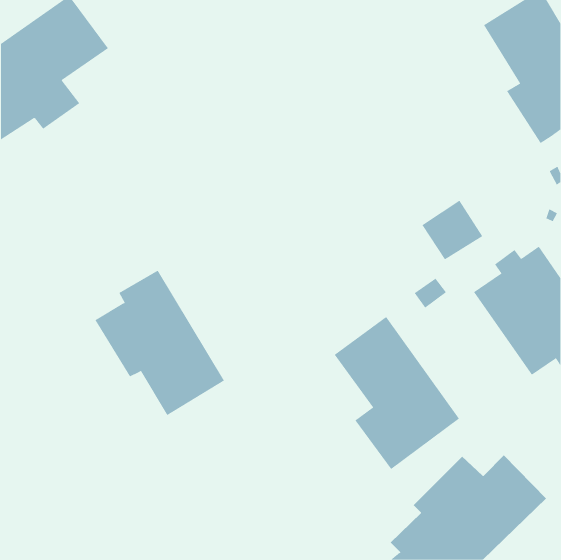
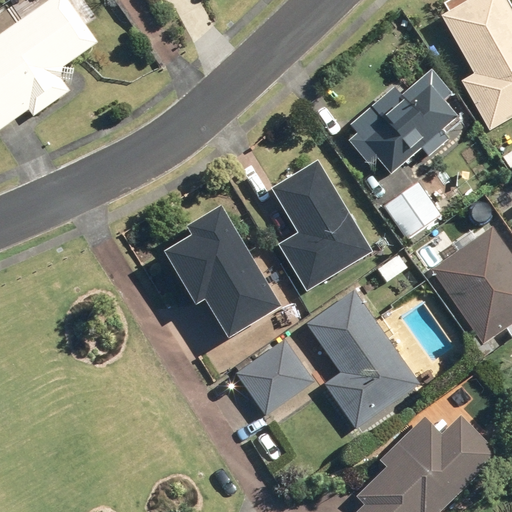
building: none -> [351,79,468,181]
building: none -> [271,158,372,289]
building: [94,270,225,416] -> [160,202,279,335]
building: none -> [235,338,313,414]

